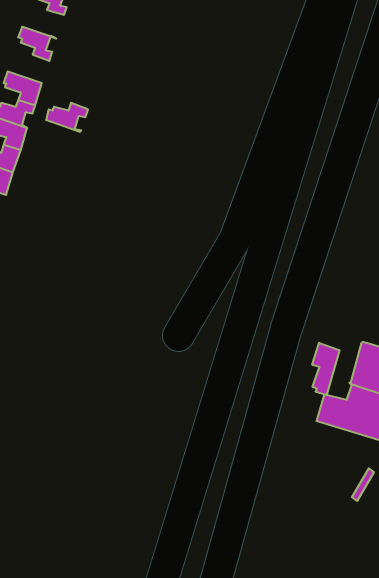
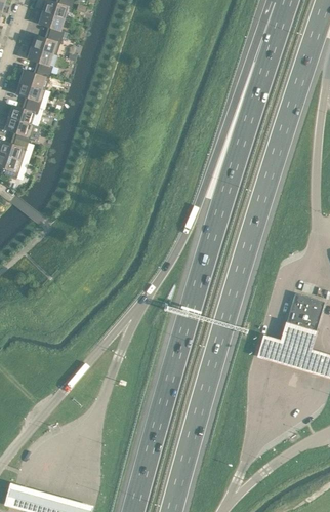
building: none -> [29,35,61,57]
building: [46,103,88,132] -> [17,70,50,92]
building: [312,343,339,395] -> none

